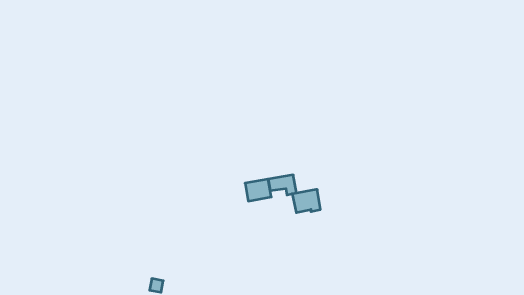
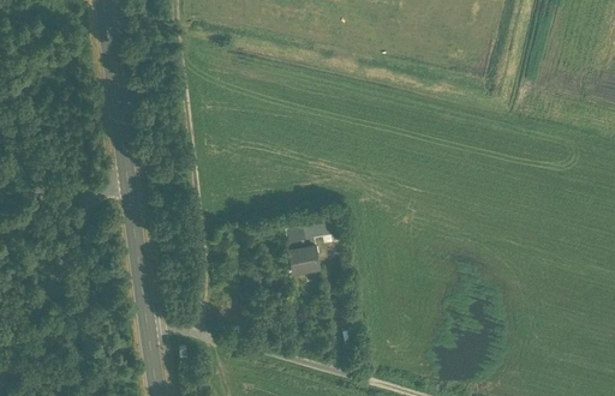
building: [292,190,320,213] -> [287,242,320,269]

